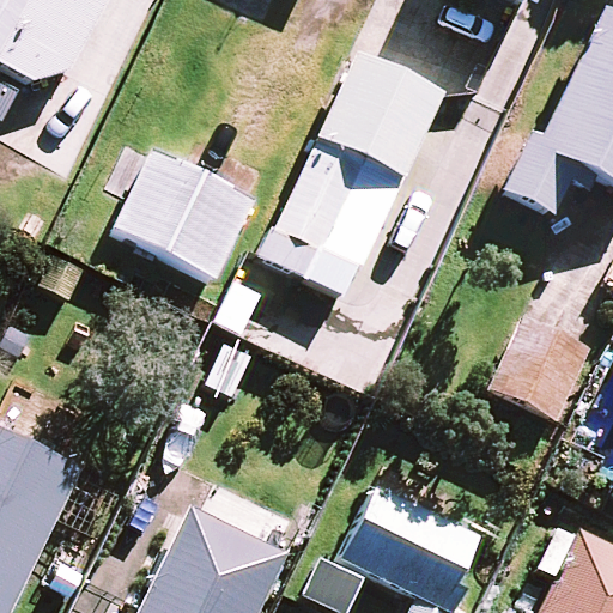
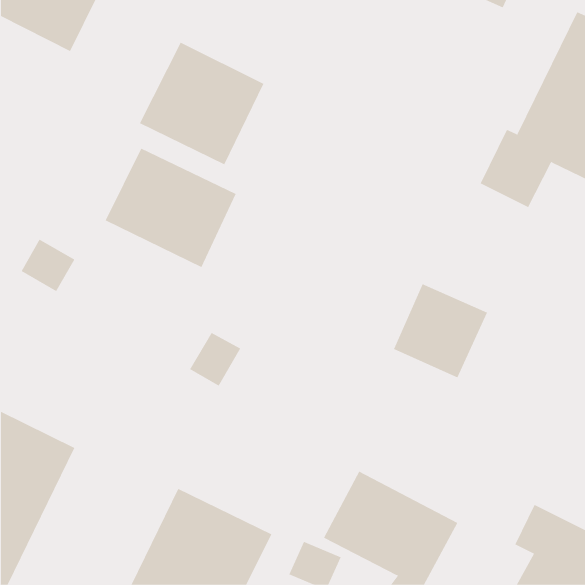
building: none -> [139,42,264,165]
building: [262,56,439,279] -> none
building: [491,321,589,419] -> [393,284,488,378]

